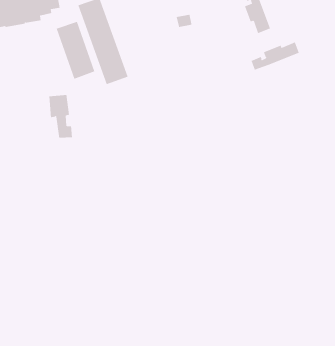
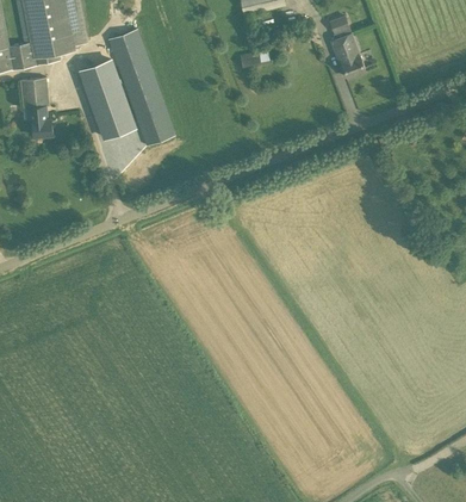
building: [251,42,299,70] -> none
building: [48,94,73,138] -> [20,78,52,136]

